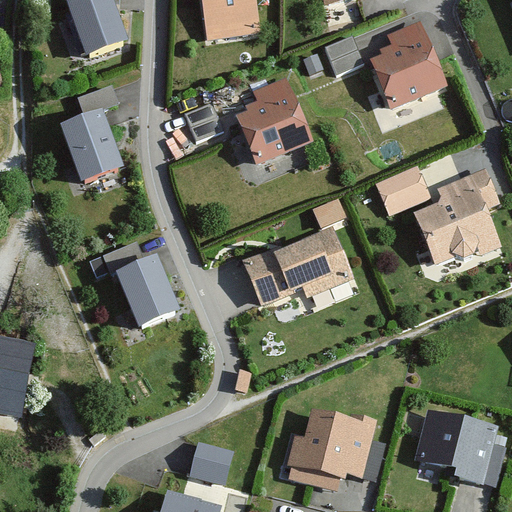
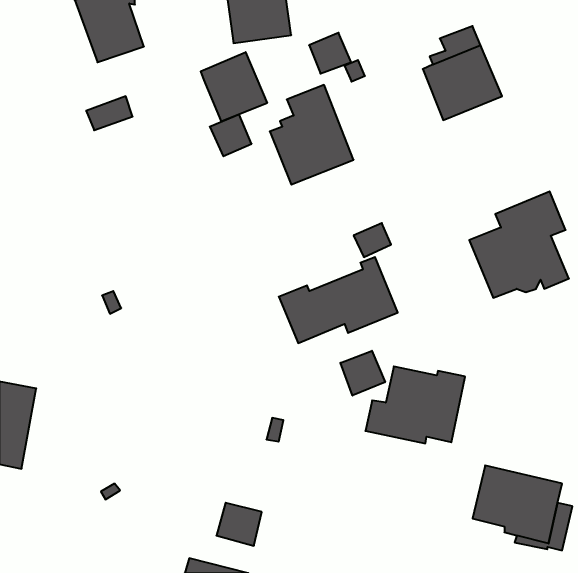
building: [326,35,363,71] -> [309,33,351,74]
building: none -> [201,52,267,121]
building: [60,113,122,182] -> none
building: [376,165,430,212] -> none
building: [104,244,177,328] -> none
building: none -> [340,351,385,396]
building: [283,414,371,482] -> [365,366,465,443]

